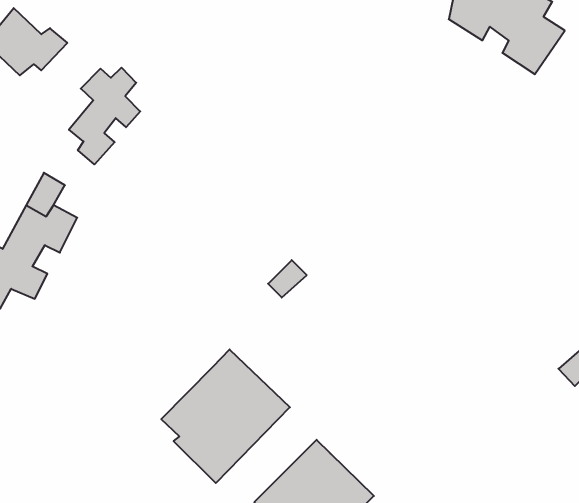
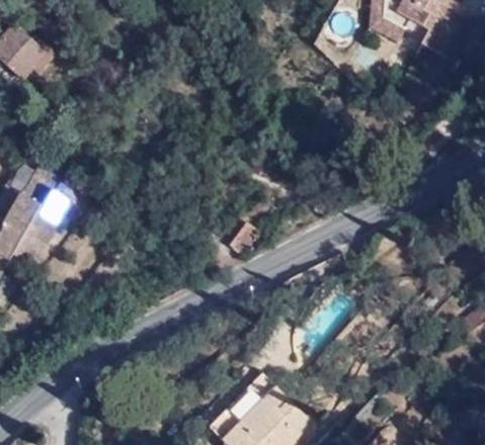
building: [69,68,140,164] -> none
building: [161,349,290,483] -> none

